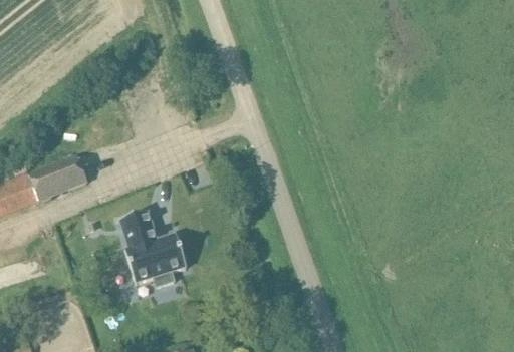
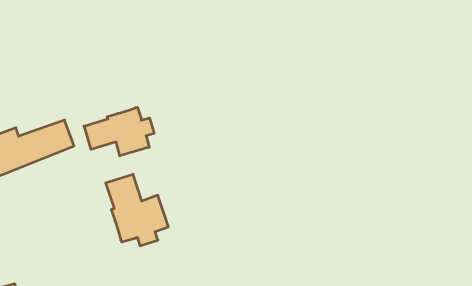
building: none -> [84,107,154,156]

